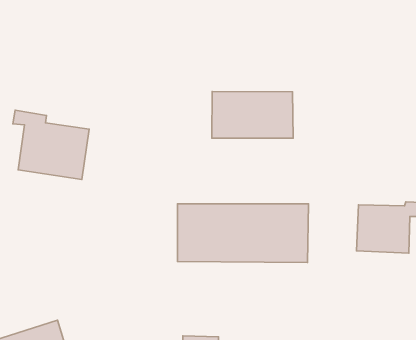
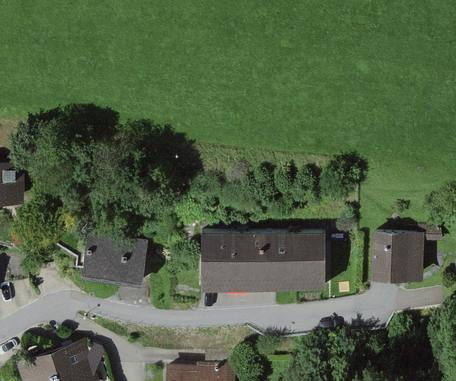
building: [212,92,293,138] -> none
building: [13,110,89,179] -> [74,222,147,288]

